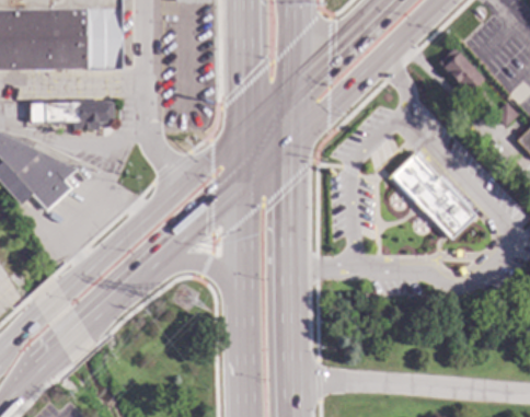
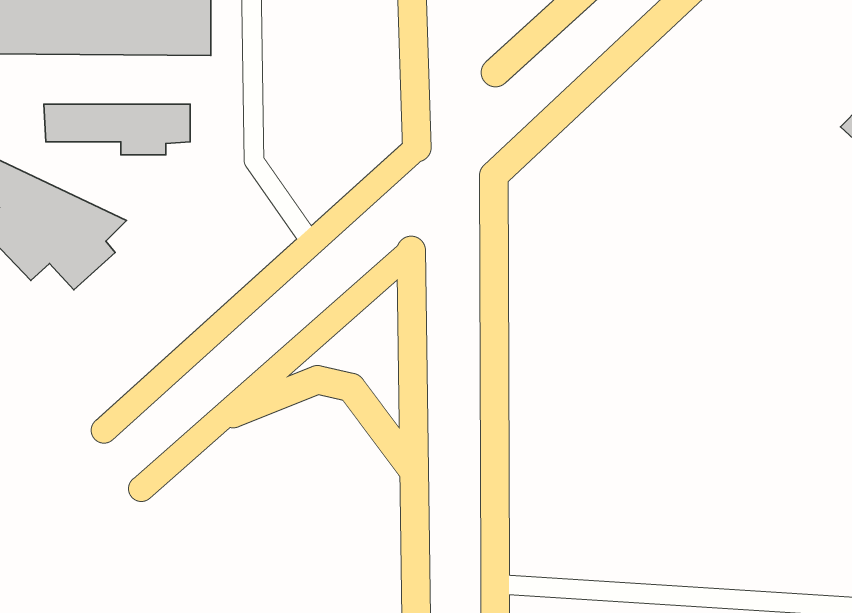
building: [438,46,483,92] -> none
building: [389,149,475,239] -> none

